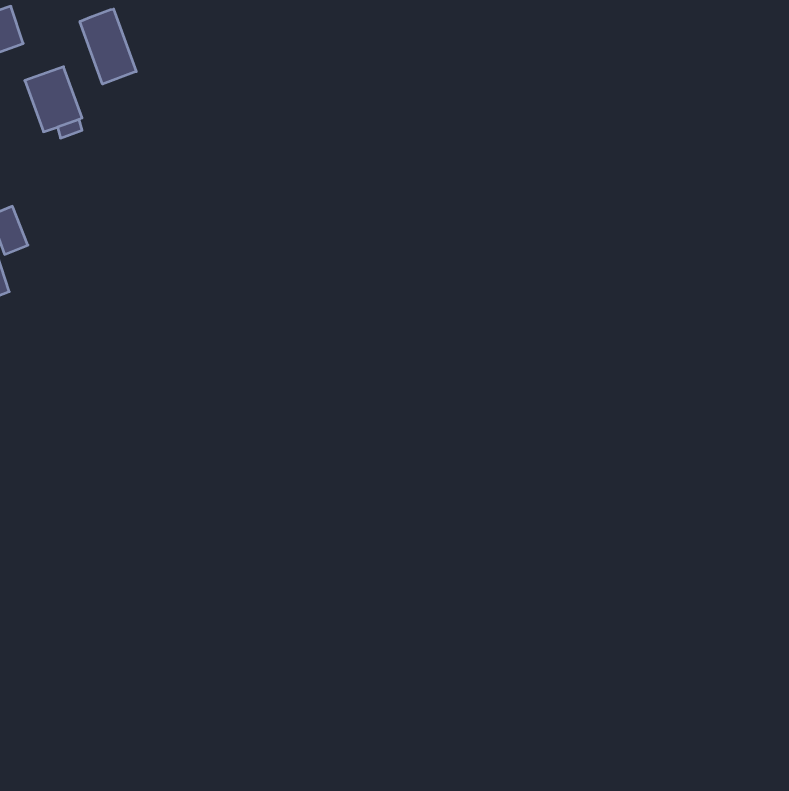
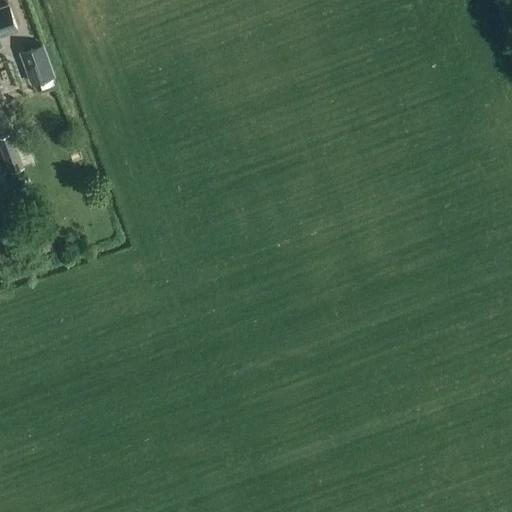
building: [80,9,136,84] -> none

